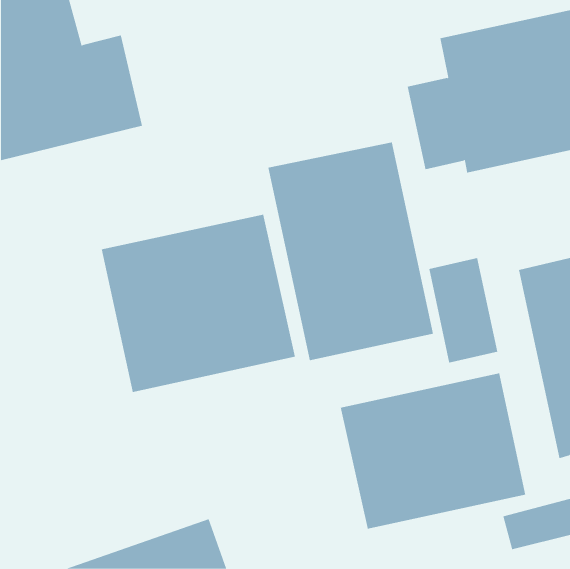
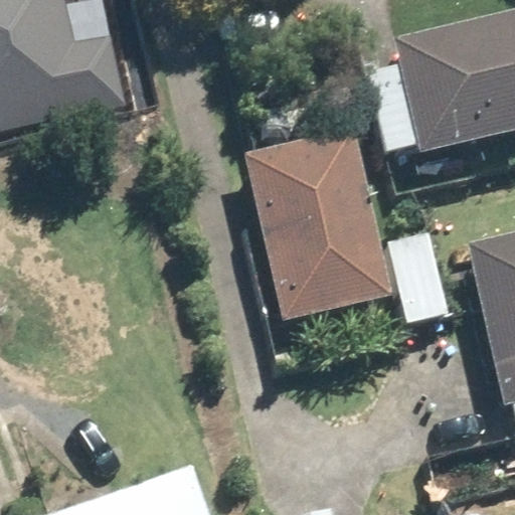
building: [101,214,296,393] -> none
building: [340,373,526,529] -> none

